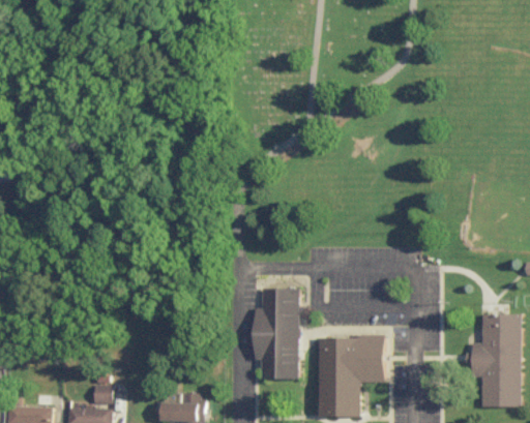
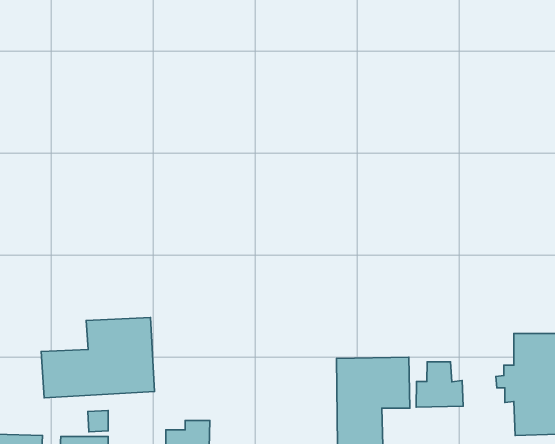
building: [256,288,298,380] -> none
building: none -> [41,317,154,398]
building: none -> [416,362,463,407]

